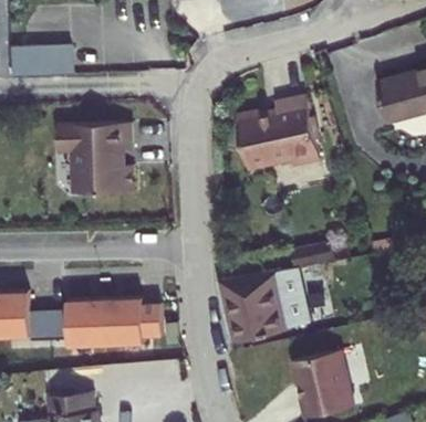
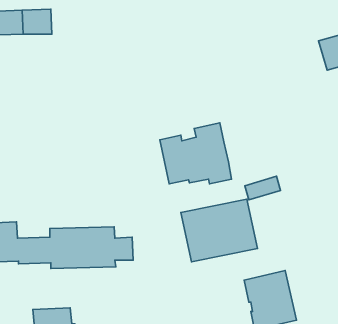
building: [236,96,319,167] -> [160,123,231,184]
building: [58,123,133,192] -> none

